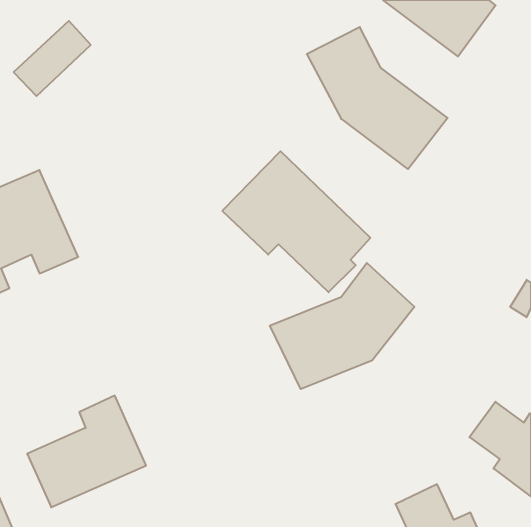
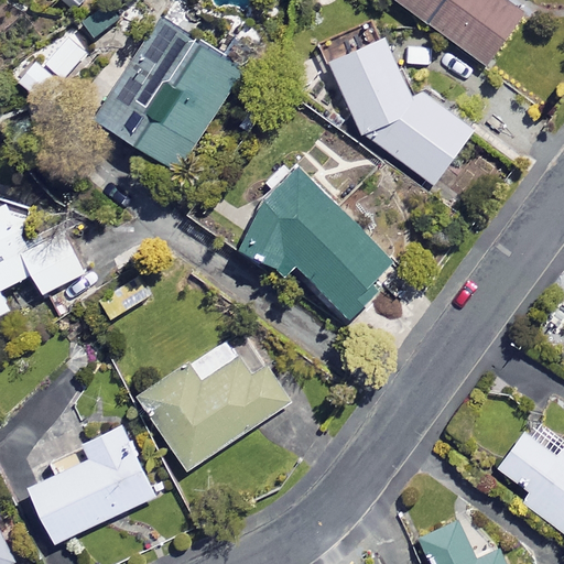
building: none -> [95,13,245,170]
building: [270,263,414,389] -> none
building: none -> [137,339,289,470]

